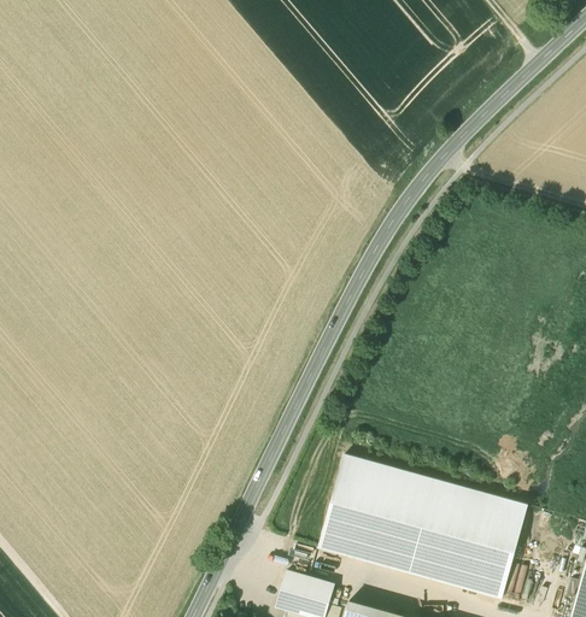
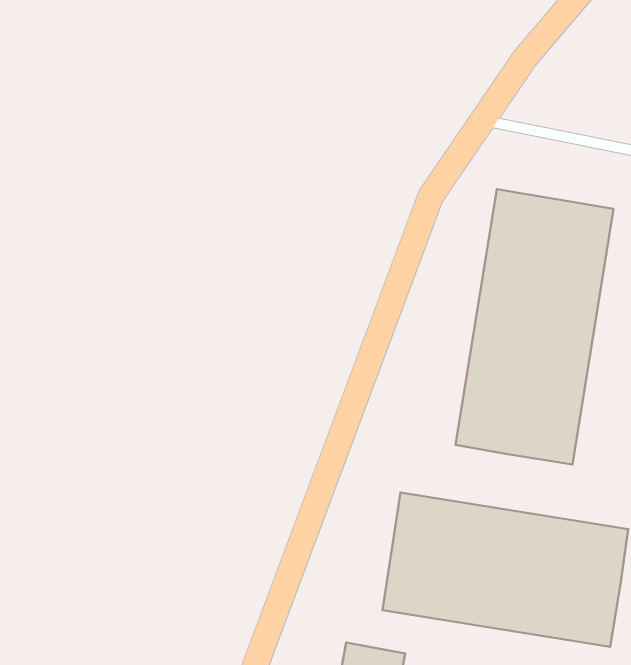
building: none -> [456,189,613,465]

